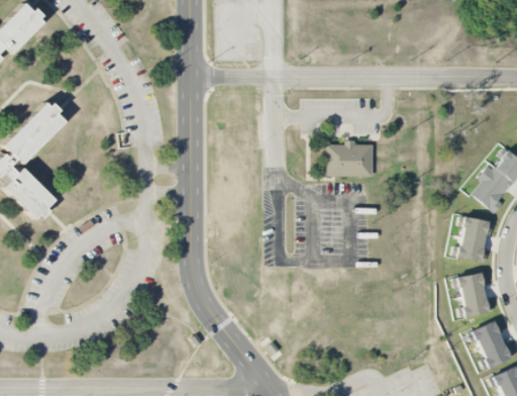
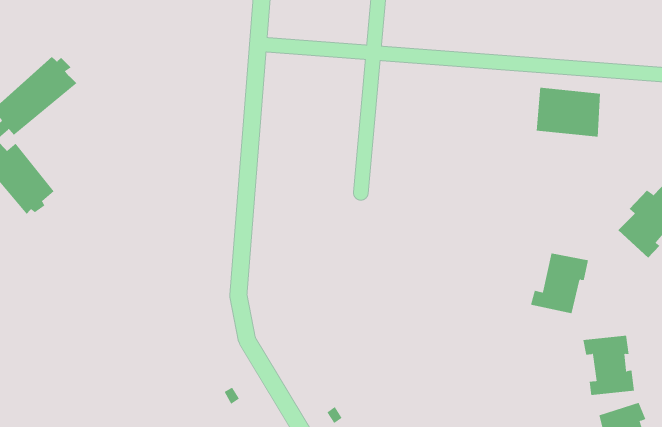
building: [327,143,374,177] -> [536,87,601,137]
building: [452,218,493,262] -> [530,253,589,314]

